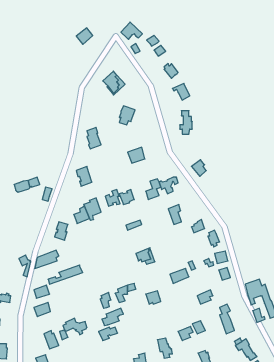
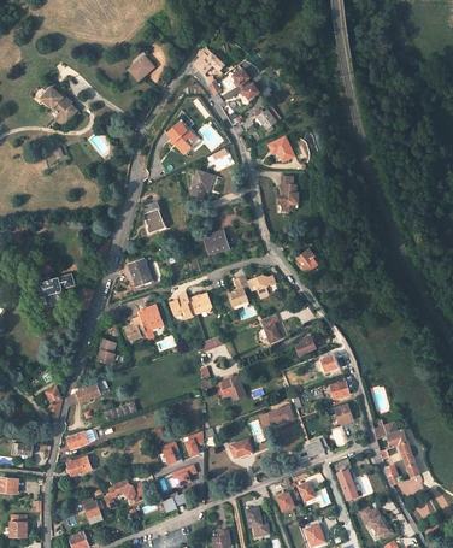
building: none -> [40,87,76,118]

